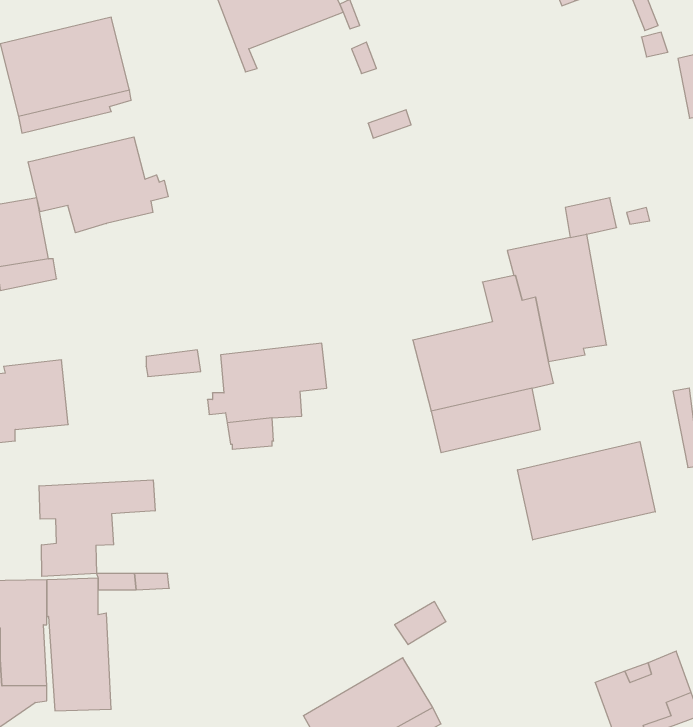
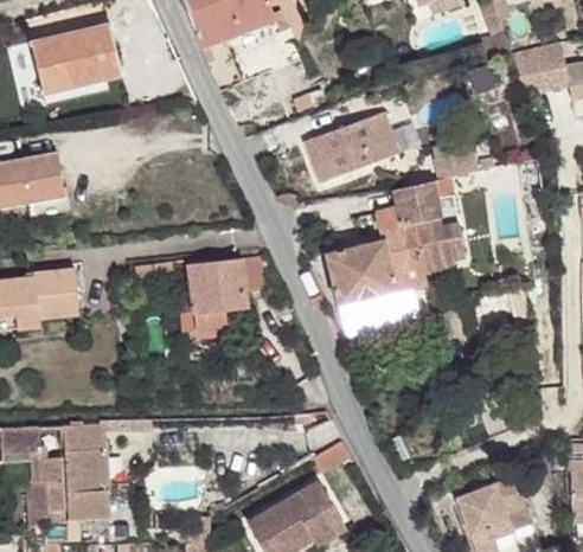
building: [28,137,168,233] -> none
building: none -> [305,111,398,182]
building: [518,442,655,540] -> none
building: [39,480,155,576] -> none

